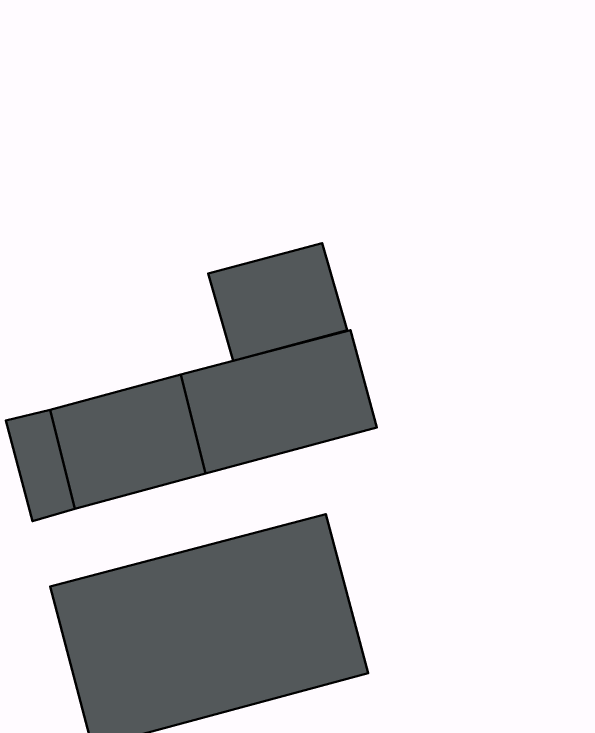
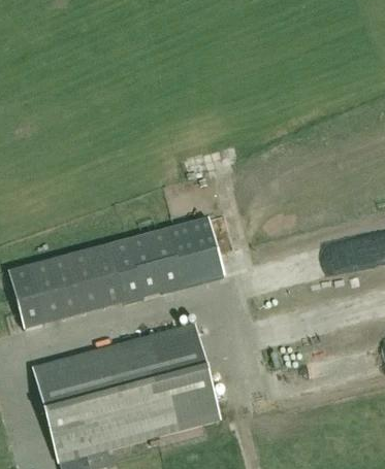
building: [208,243,347,361] -> none

